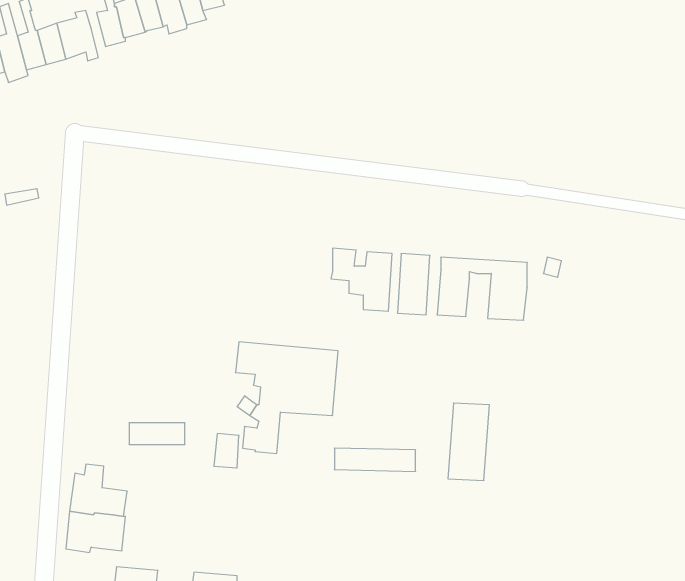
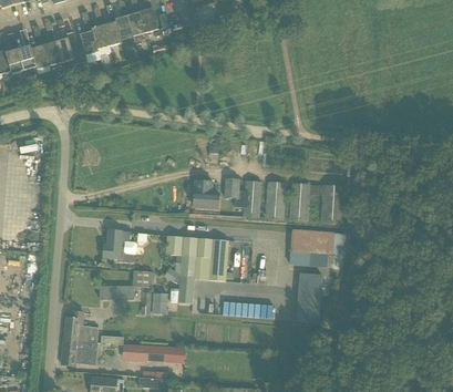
building: none -> [193,179,219,207]
building: none -> [290,227,346,265]
building: none -> [102,228,136,261]
building: none -> [133,344,166,361]

